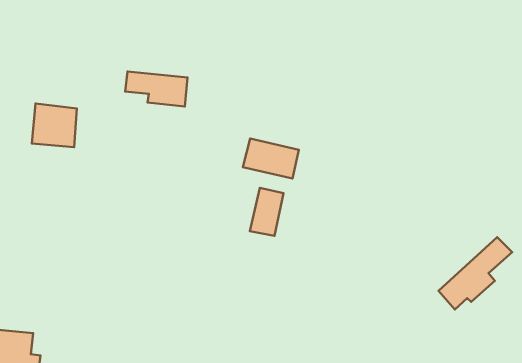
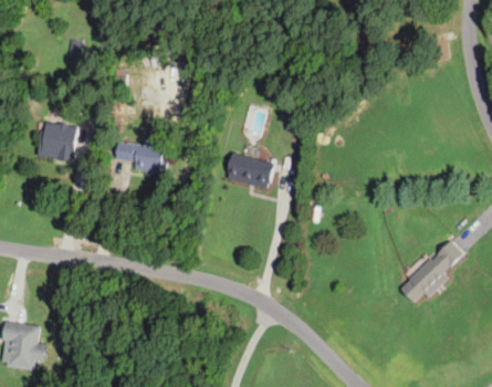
building: [125,71,187,106] -> [113,142,168,172]
building: [250,188,284,236] -> none

